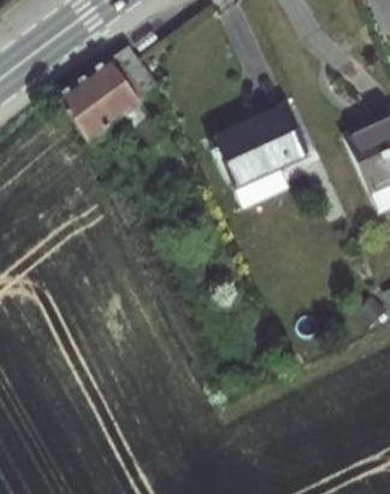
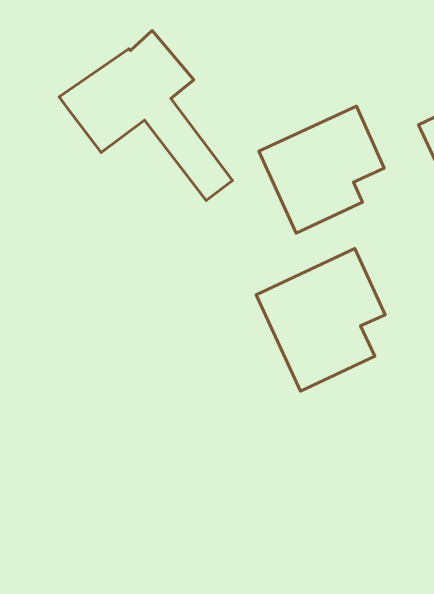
building: none -> [256,249,385,391]

